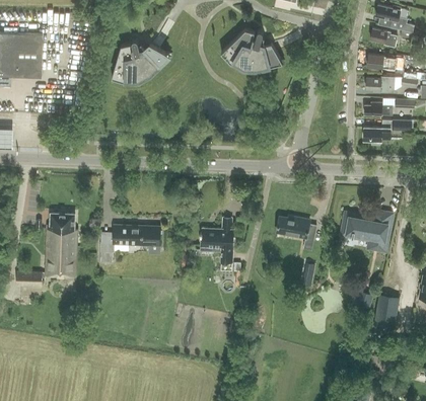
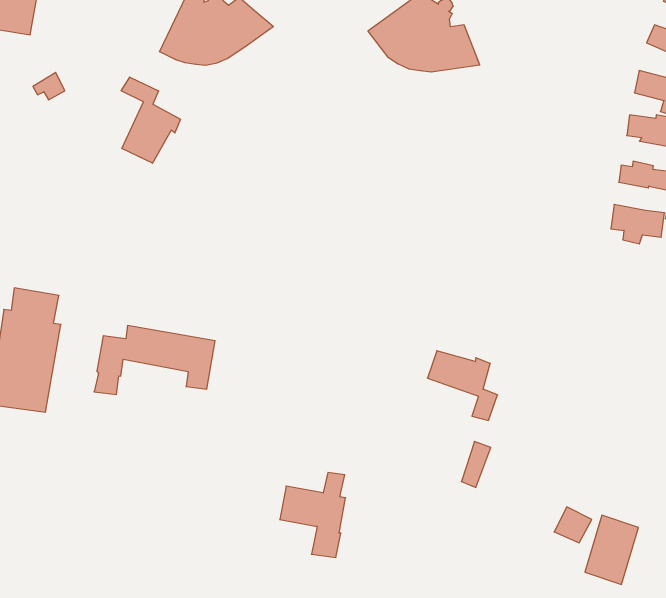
building: none -> [121,77,181,163]
building: [340,211,392,250] -> none
building: [201,218,234,262] -> [280,473,346,557]

